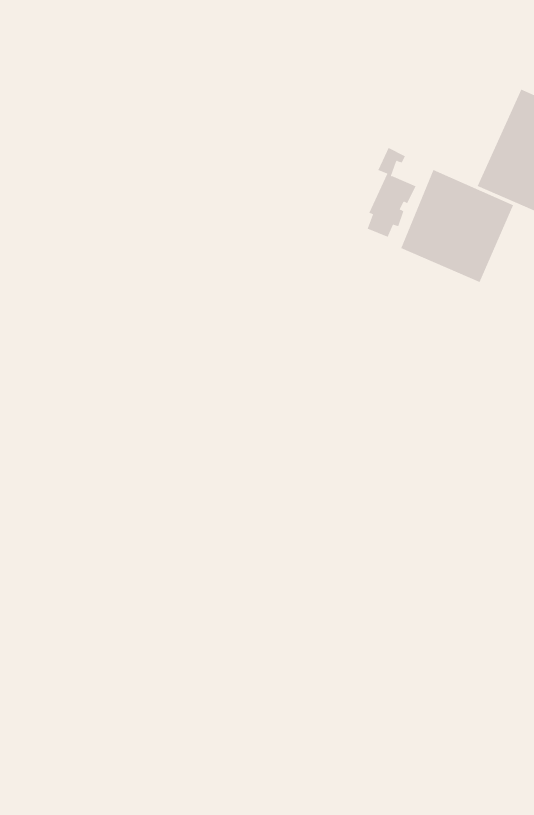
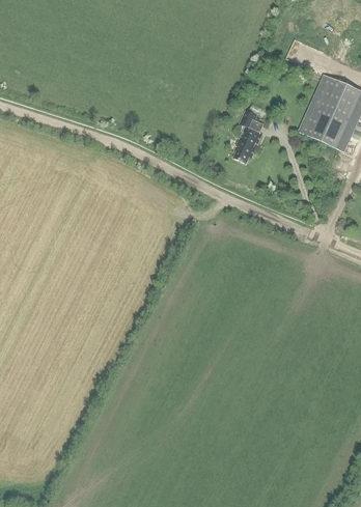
building: [401,169,514,283] -> none

